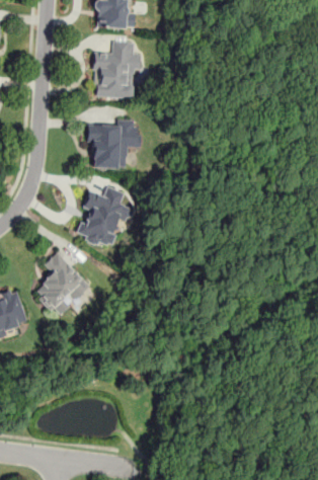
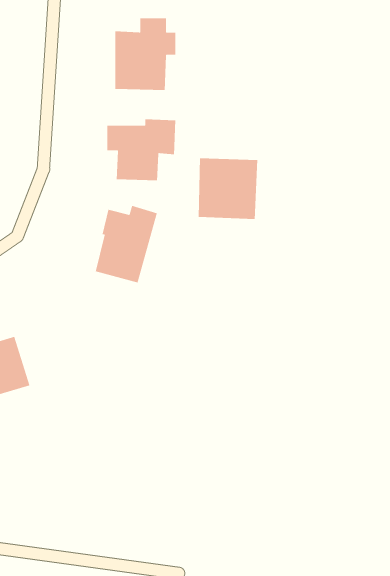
building: none -> [198,157,258,220]
building: [33,251,91,318] -> none

